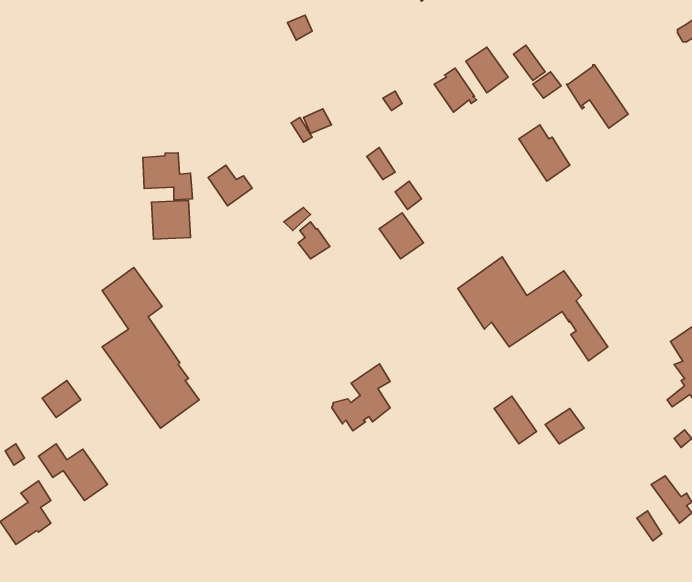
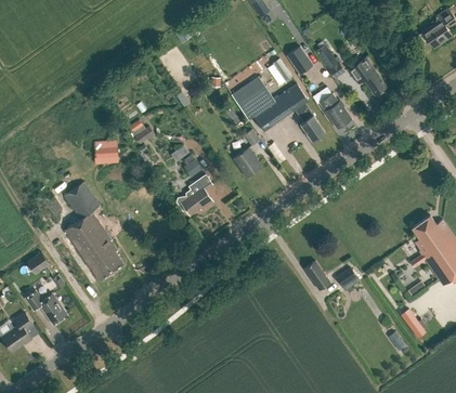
building: [143,153,193,200] -> none
building: [458,257,608,361] -> [232,76,324,140]
building: [332,364,390,431] -> [177,174,212,215]

